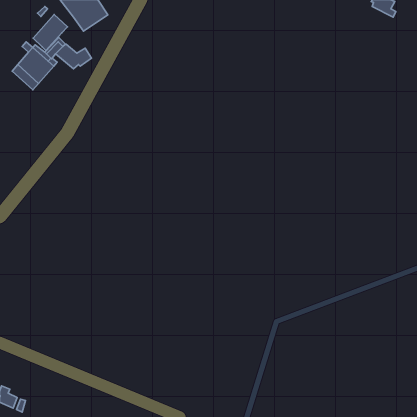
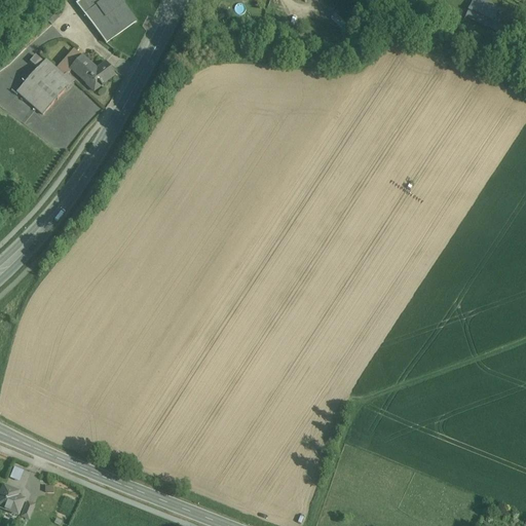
building: [33,15,68,51] -> none

